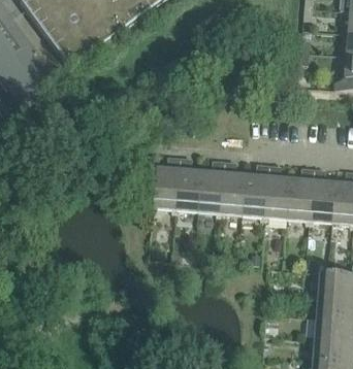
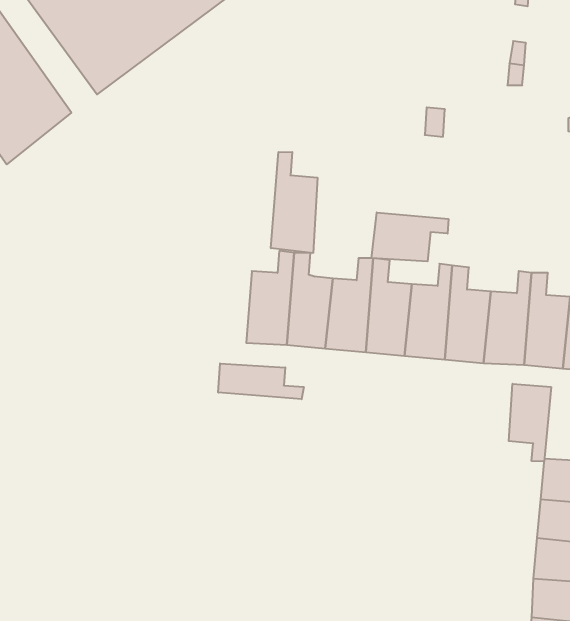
building: none -> [271,152,317,253]
building: none -> [372,212,448,261]
building: none -> [218,363,304,399]
building: none -> [509,384,551,461]

